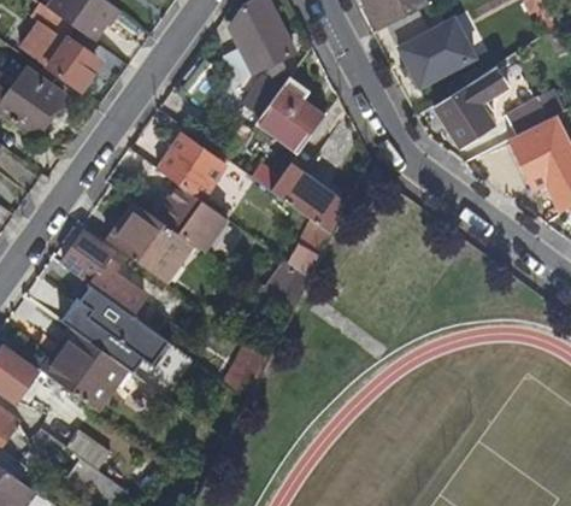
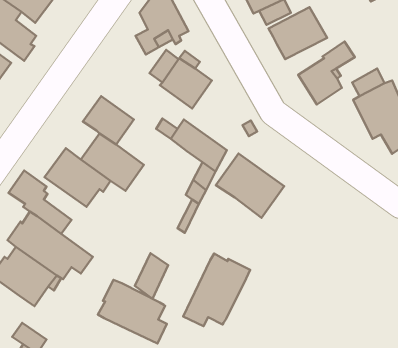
building: none -> [216,153,284,218]
building: none -> [183,253,250,326]
building: none -> [98,280,167,343]

